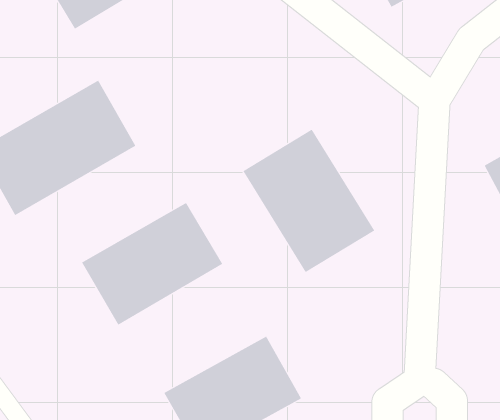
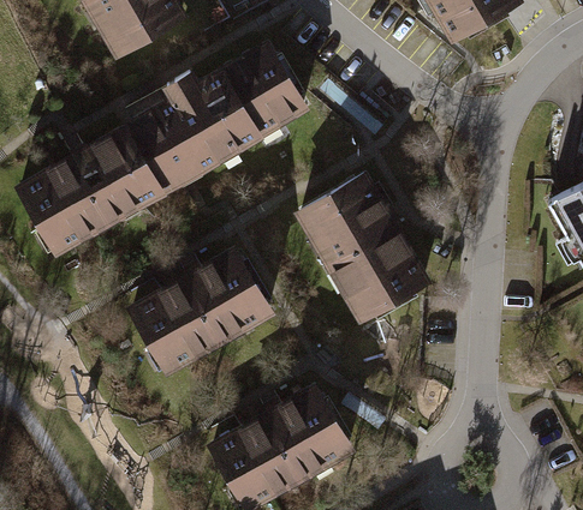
building: none -> [142,40,307,185]

